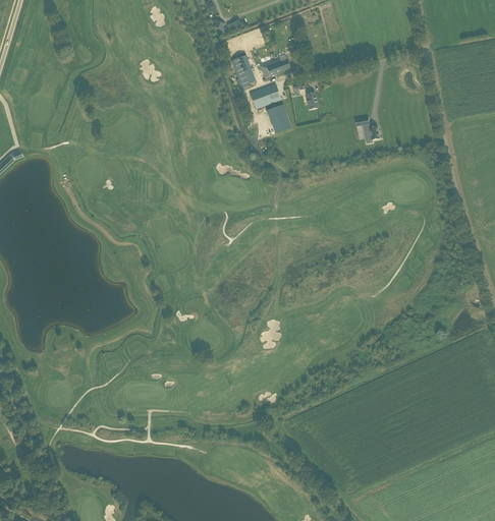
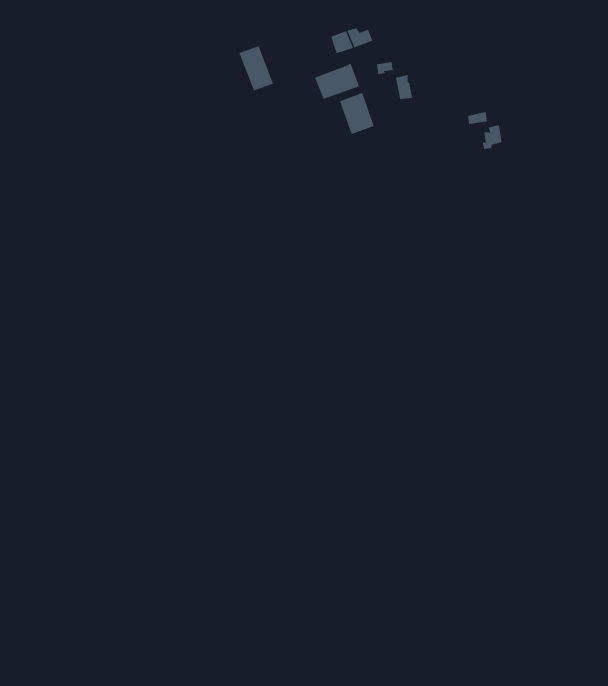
building: [230,54,255,85] -> [239,46,274,91]

